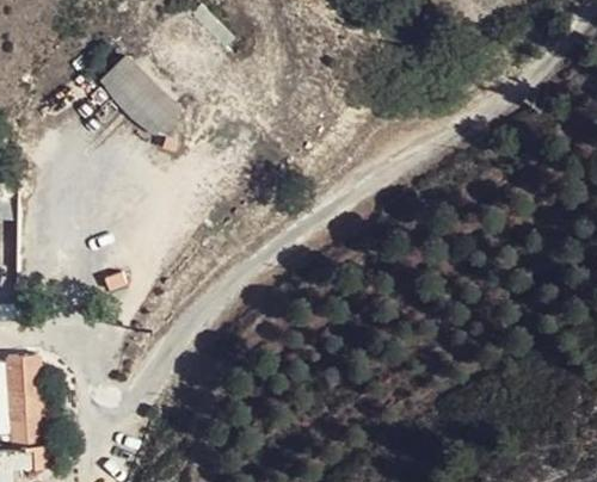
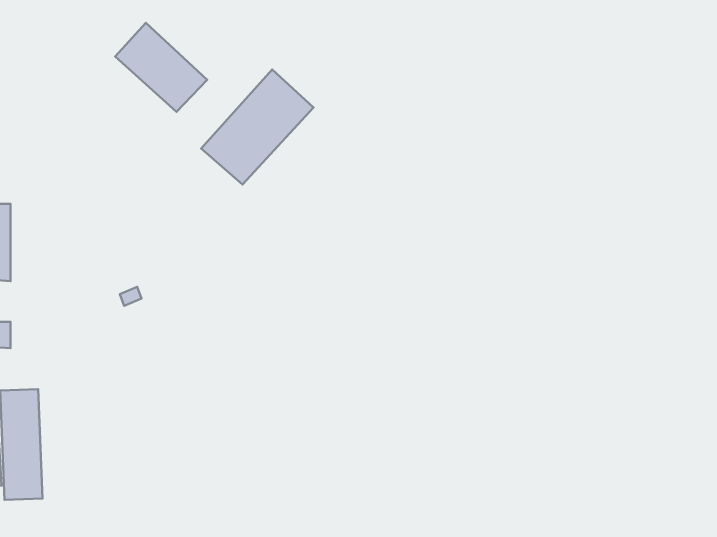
building: none -> [201,70,314,185]

